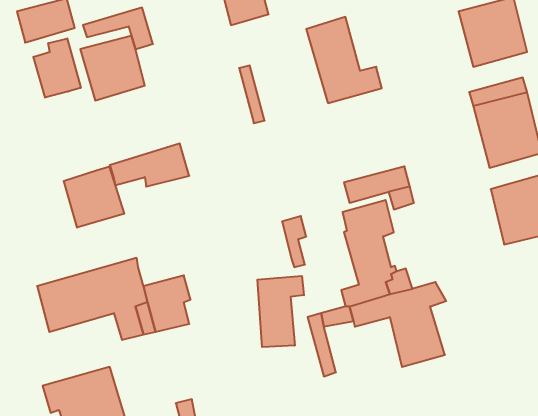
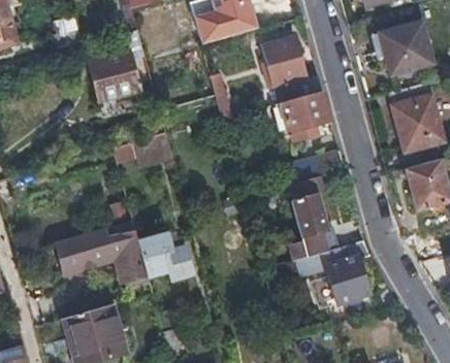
building: [33,38,81,98] -> none
building: none -> [278,91,329,140]
building: [64,167,124,228] -> none
building: [257,276,304,347] -> none

